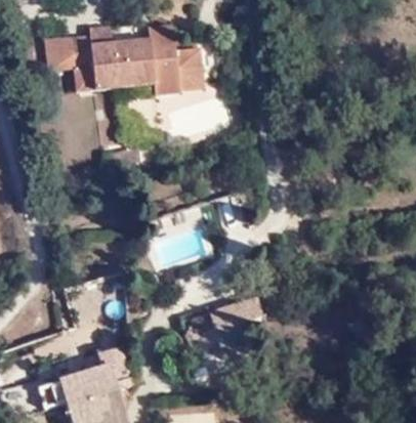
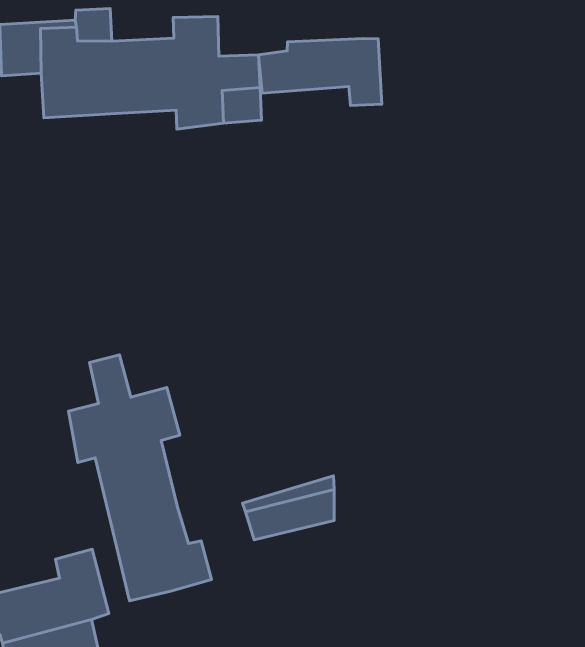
building: none -> [259,38,382,106]
building: none -> [69,355,211,601]

